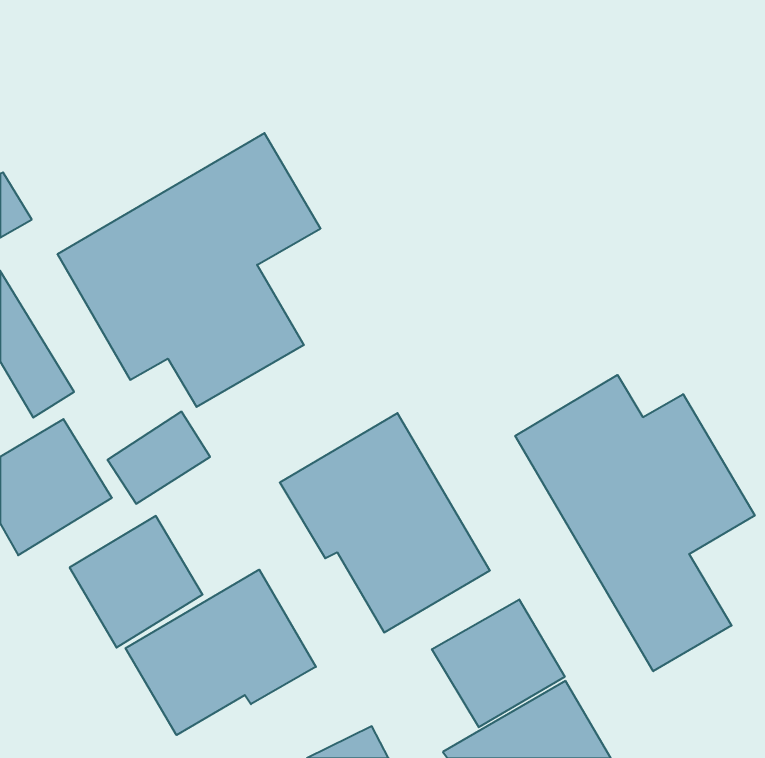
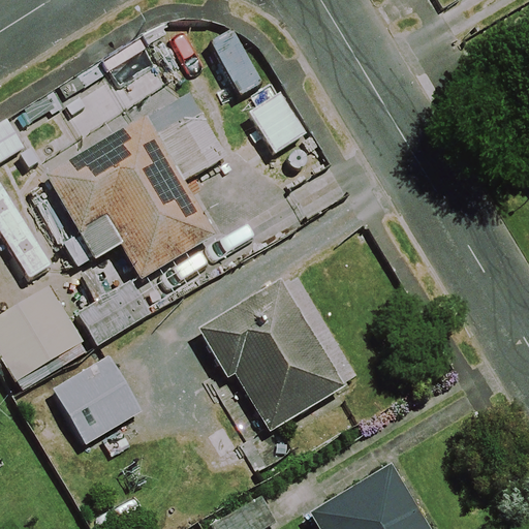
building: [515,375,755,671] -> none
building: [126,570,316,735] -> none
building: [432,599,565,727] -> none

